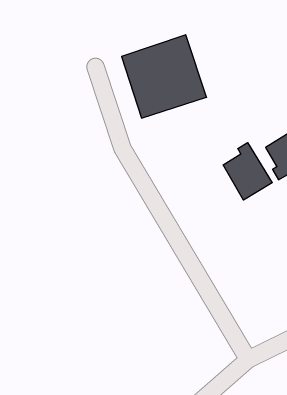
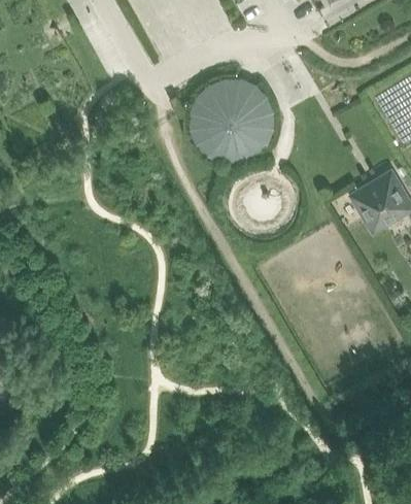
building: [223,143,272,200] -> none

